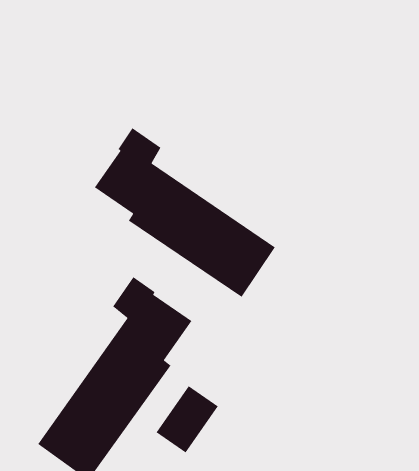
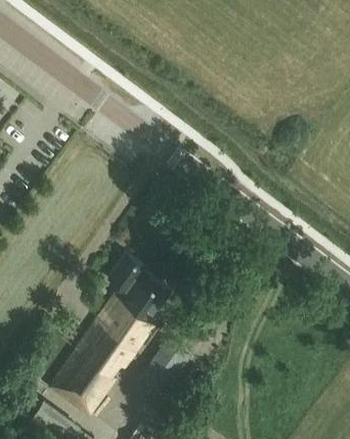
building: [94,127,276,298] -> none

